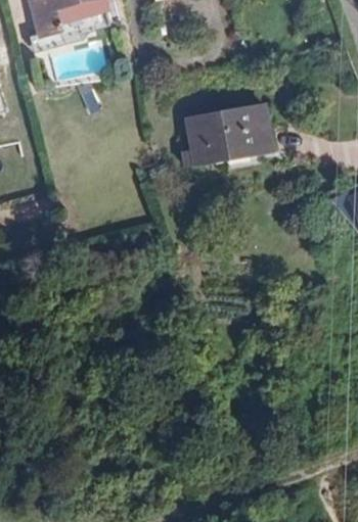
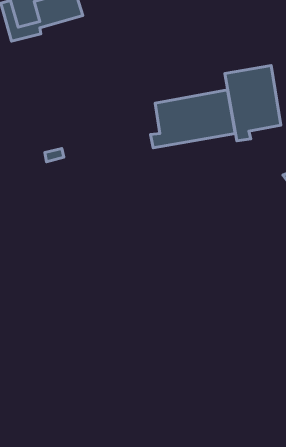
building: none -> [225,65,281,141]

